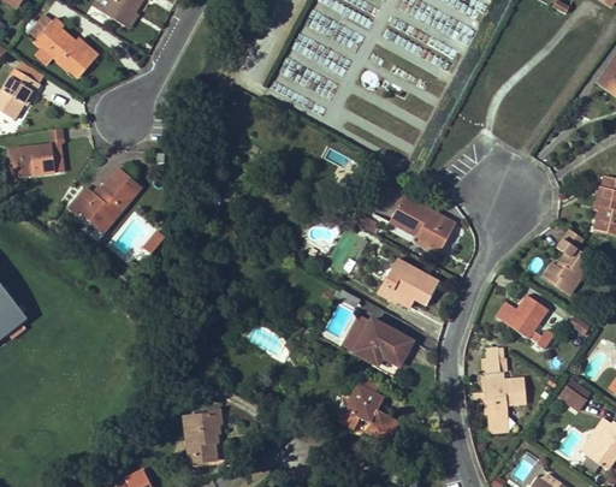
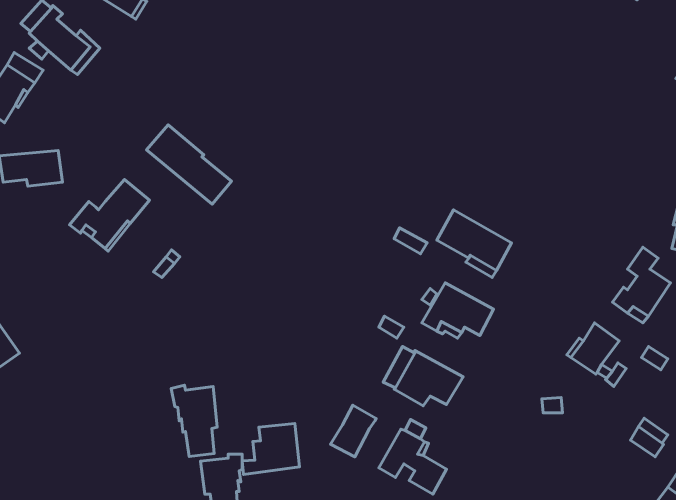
building: none -> [147,125,232,204]
building: none -> [171,385,217,456]
building: none -> [331,405,376,457]
building: [482,374,526,432] -> none
building: none -> [242,424,300,474]

